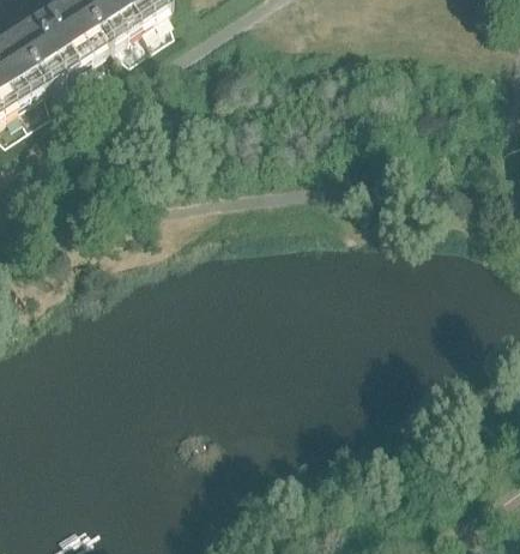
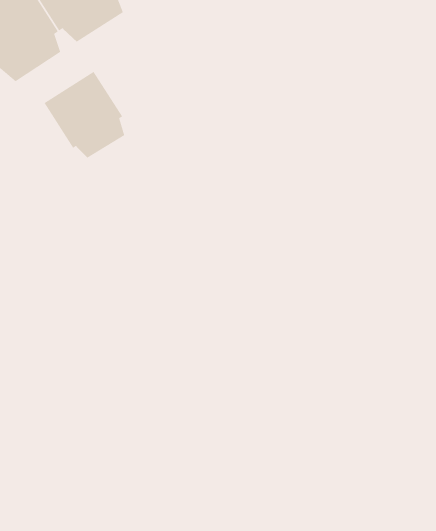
building: none -> [44,71,125,158]

